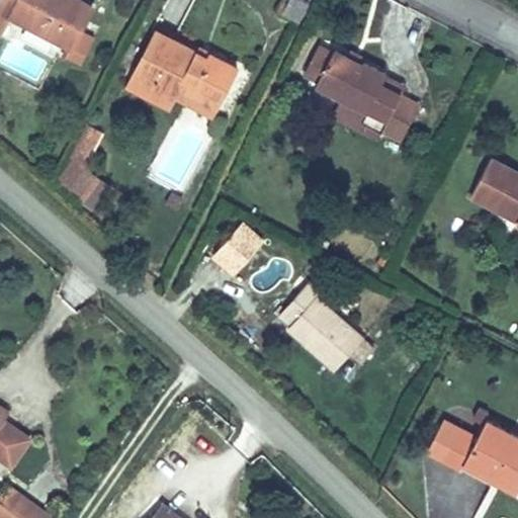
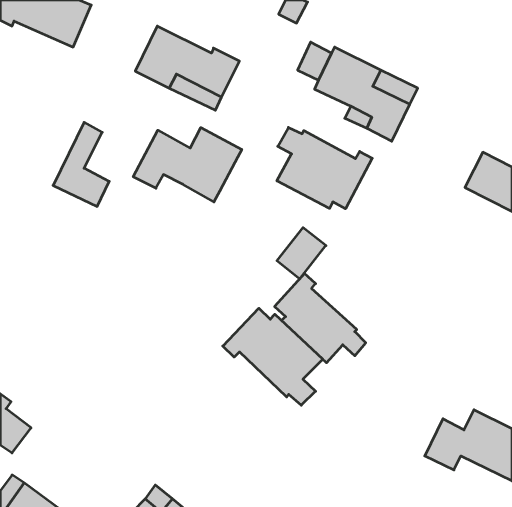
building: none -> [277,127,372,209]
building: none -> [133,128,242,202]
building: [213,228,263,279] -> [277,228,326,279]
building: none -> [223,308,323,405]

